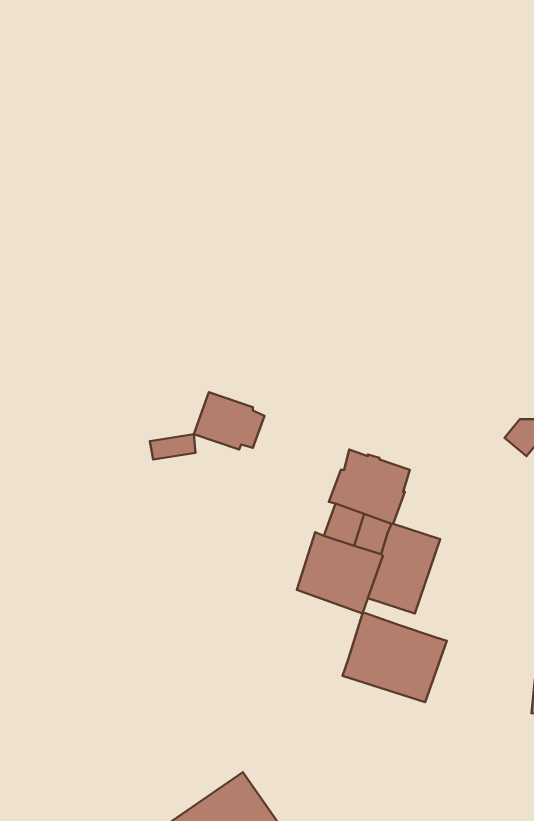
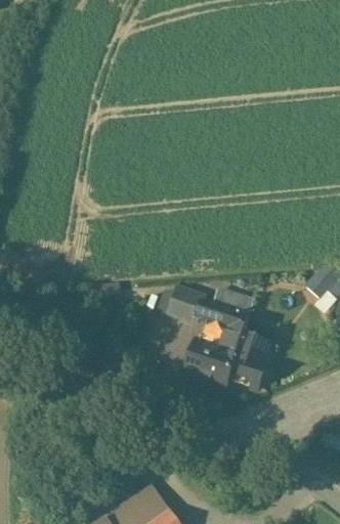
building: [194,392,265,450] -> [169,289,212,323]
building: [343,613,447,702] -> none

